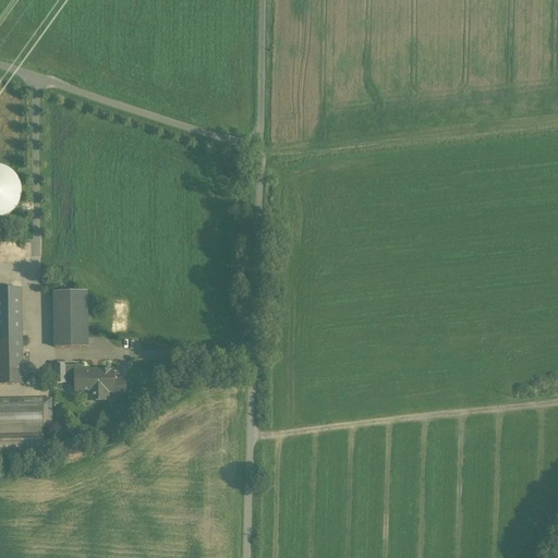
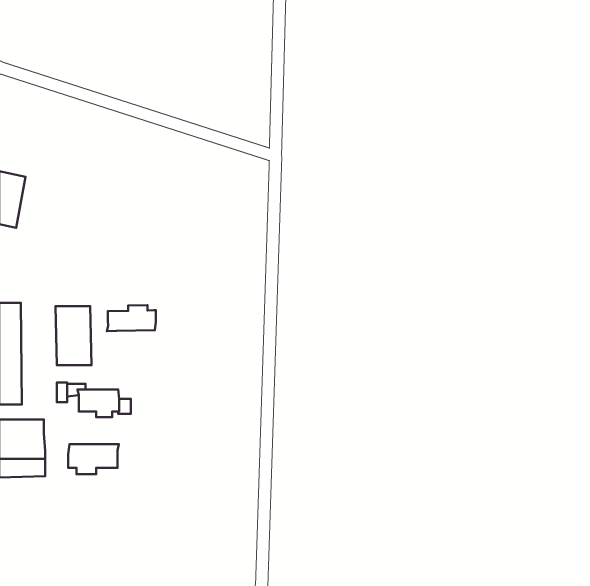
building: none -> [107,305,156,331]
building: none -> [68,444,119,474]

